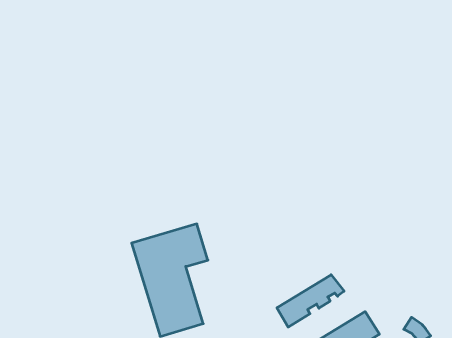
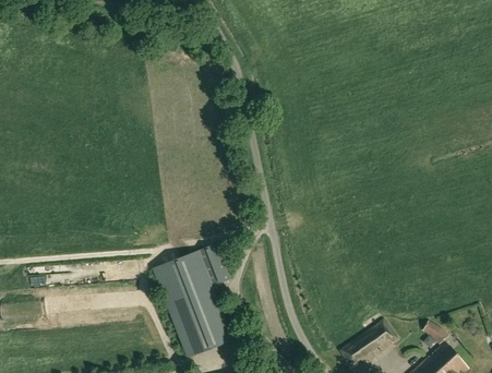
building: [277,275,344,327] -> none

